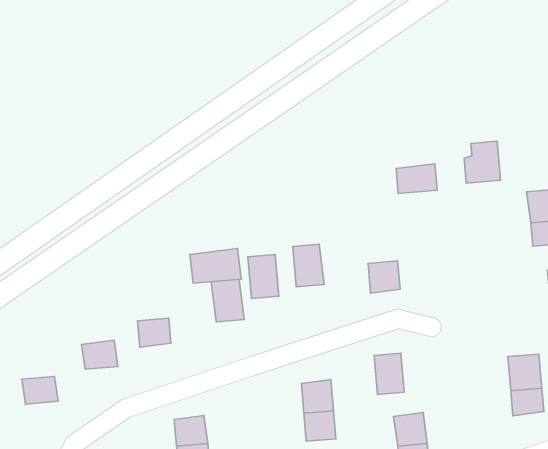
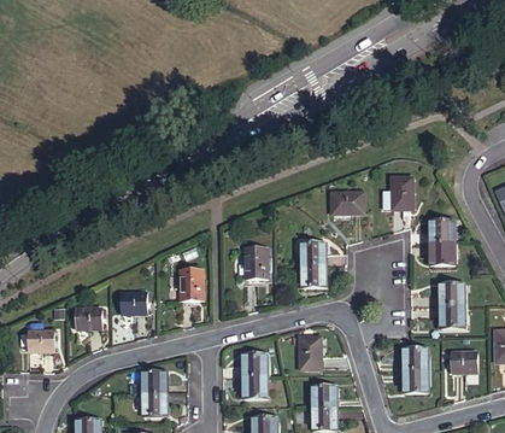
building: none -> [300,241,324,264]
building: [190,249,241,283] -> none
building: [248,255,279,298] -> none

